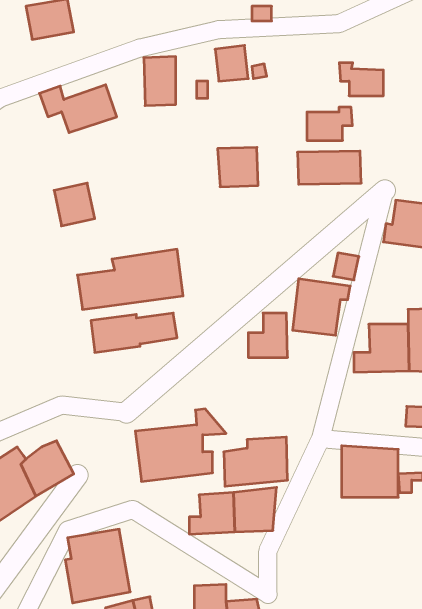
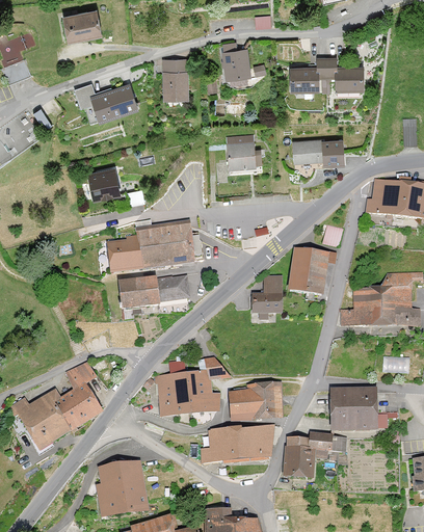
building: [307,107,352,140] -> [290,63,328,91]
building: none -> [65,362,97,389]
building: none -> [283,433,345,478]

